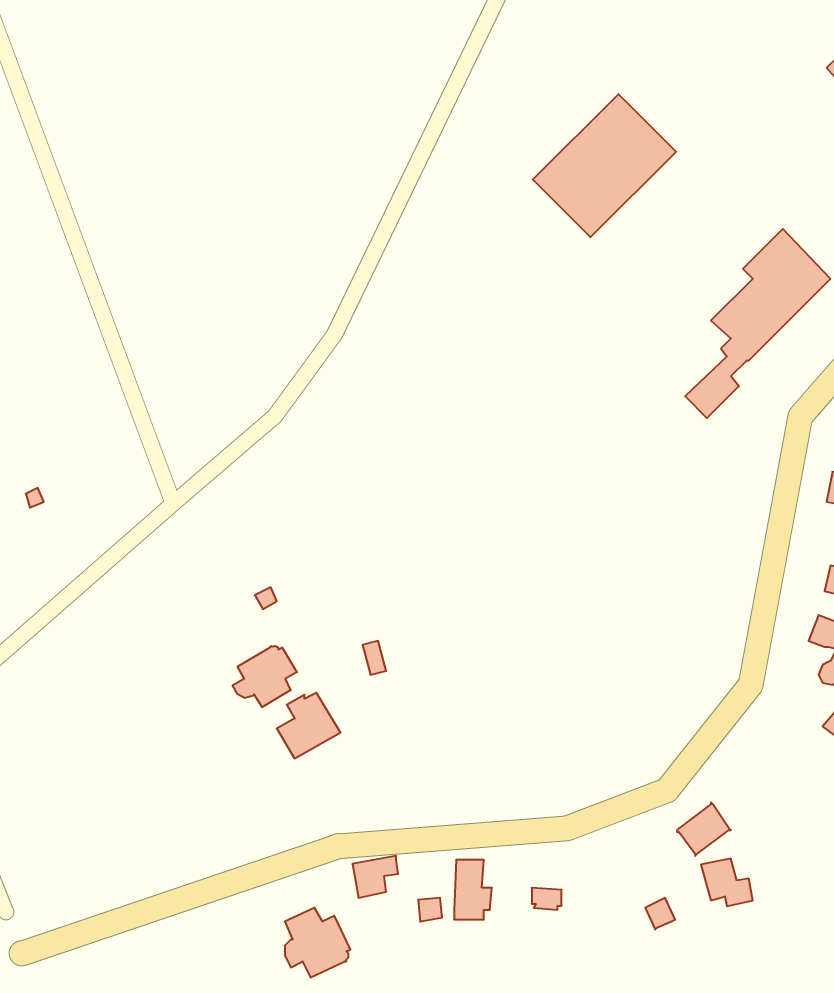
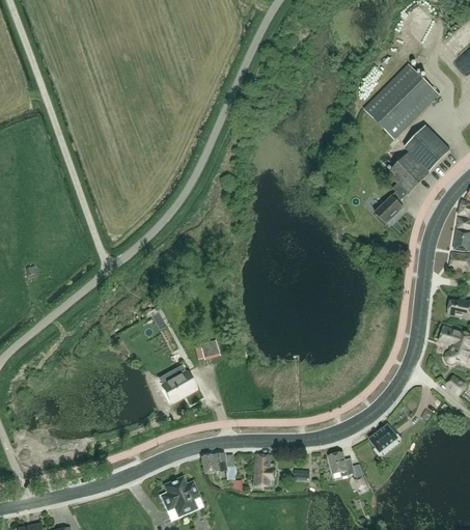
building: [533,94,676,237] -> [364,63,439,138]
building: [233,646,297,707] -> none
building: [701,859,753,906] -> [328,451,355,476]

